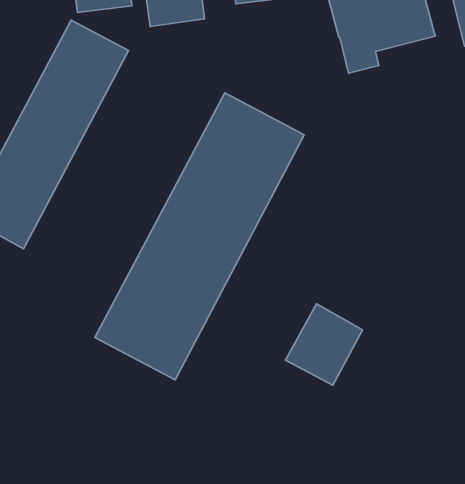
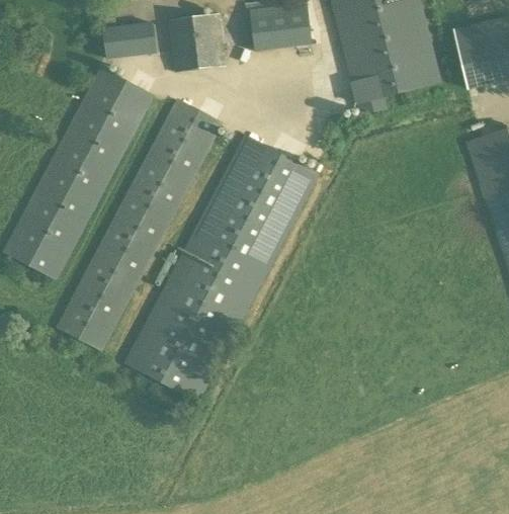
building: none -> [56,97,223,351]
building: [285,304,362,385] -> none

